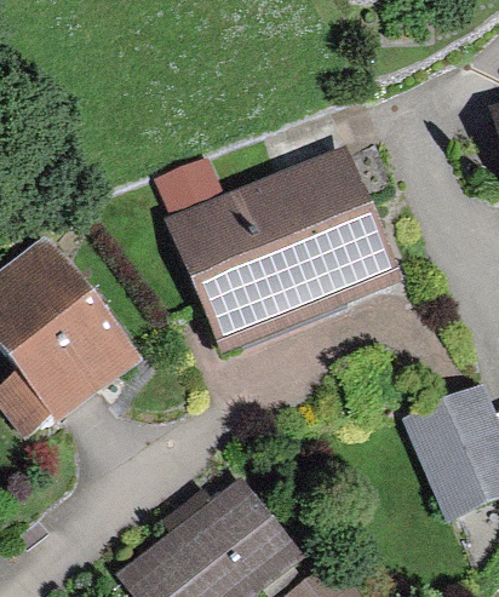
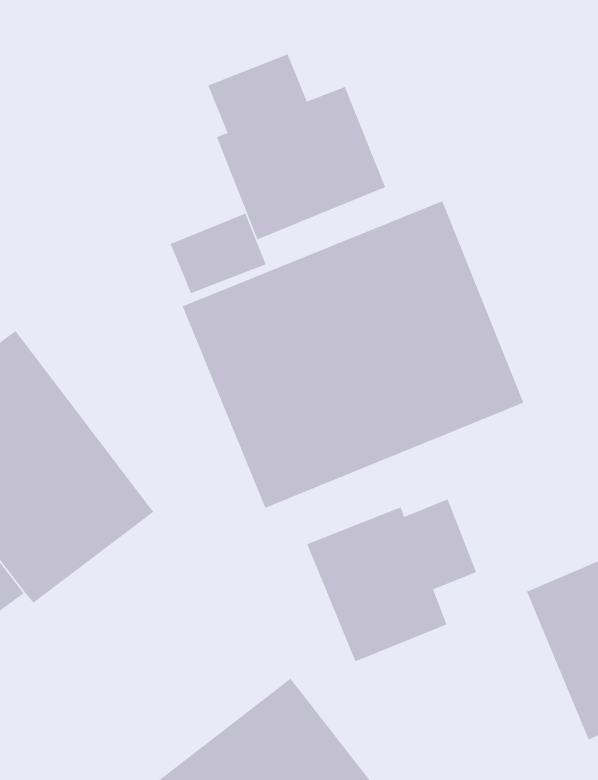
building: none -> [207,54,386,240]
building: none -> [307,499,477,662]

